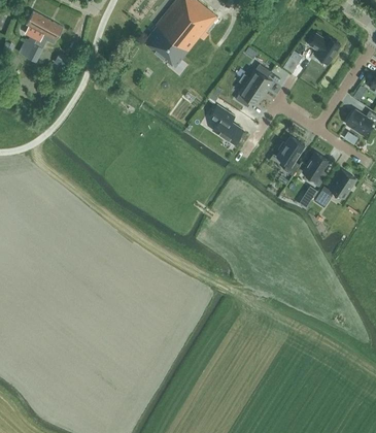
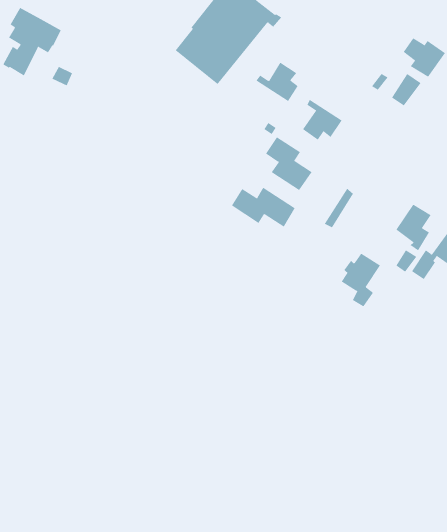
building: [241,64,272,93] -> [255,62,298,102]
building: [276,136,305,175] -> [341,253,381,307]
building: none -> [231,187,296,227]

